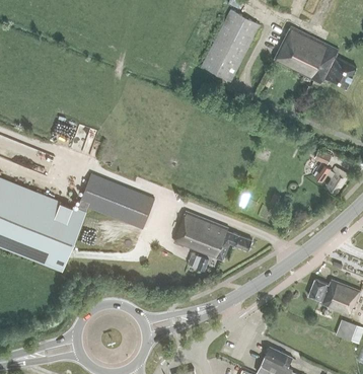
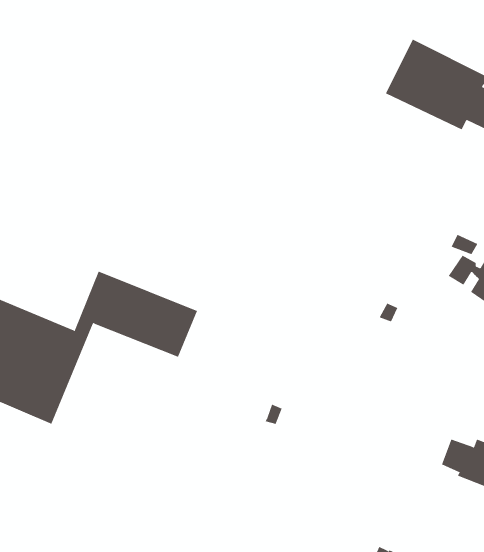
building: [201,10,260,82] -> none
building: [173,210,251,259] -> none

